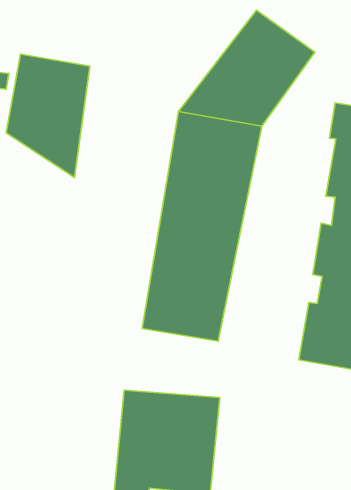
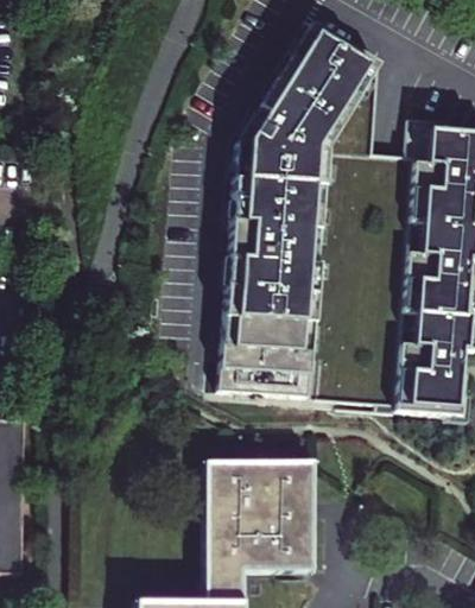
building: [6,54,90,178] -> none

